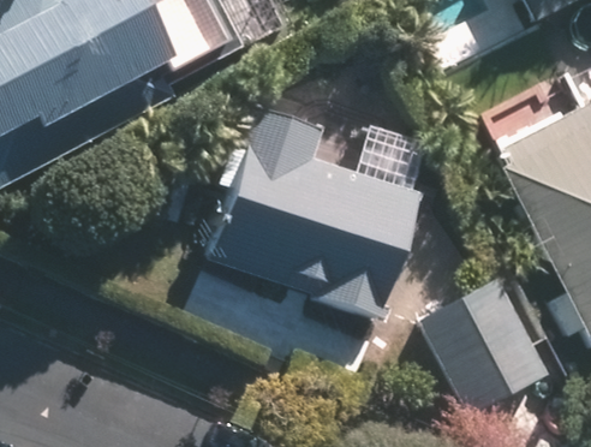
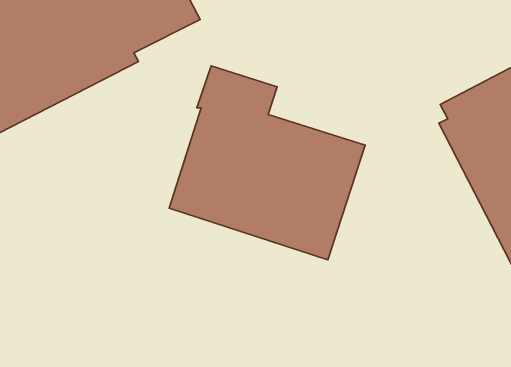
building: [423,273,554,411] -> none

